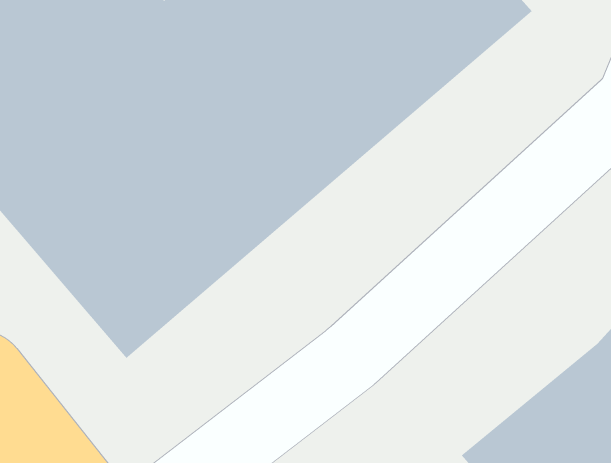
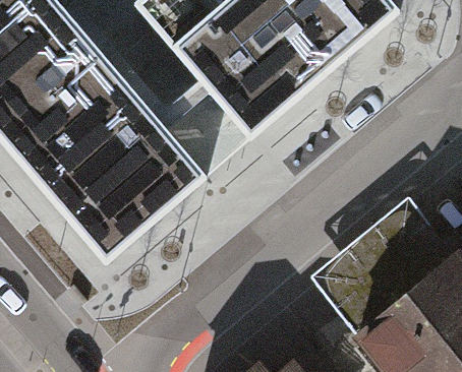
building: none -> [305,199,447,331]

